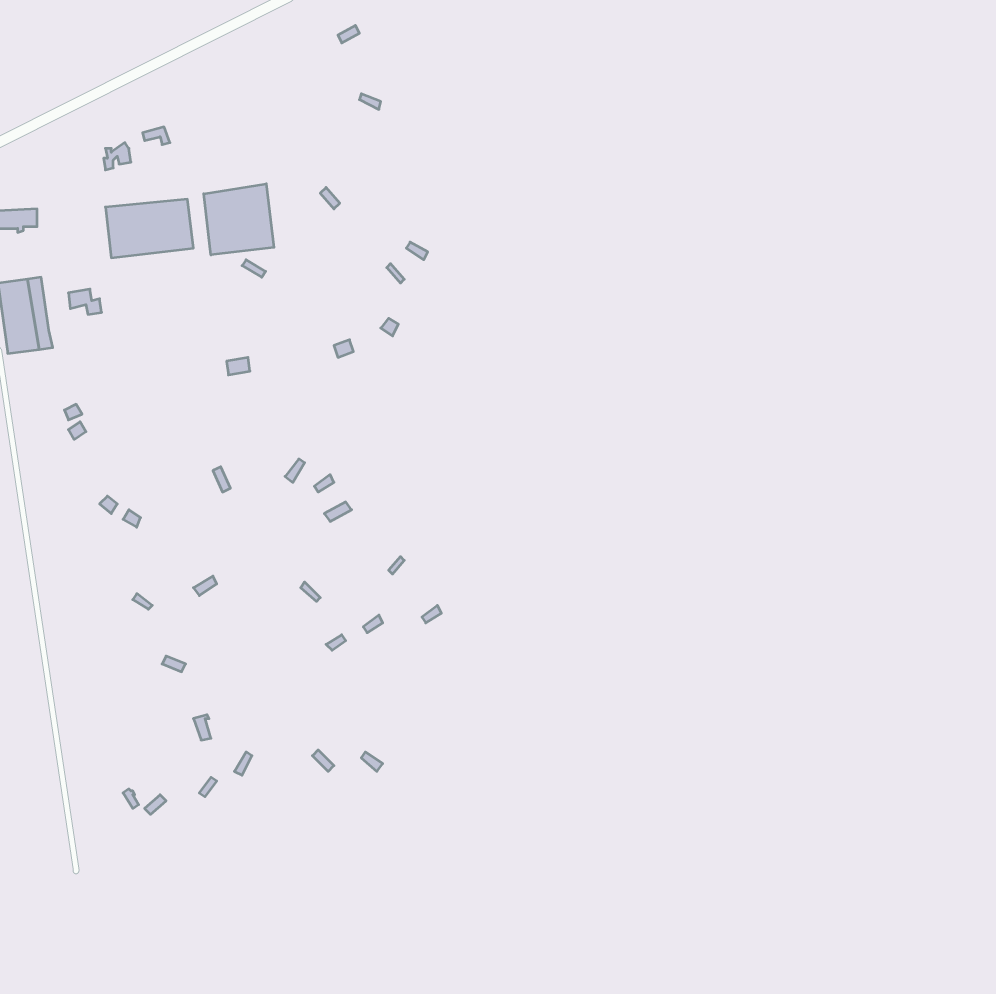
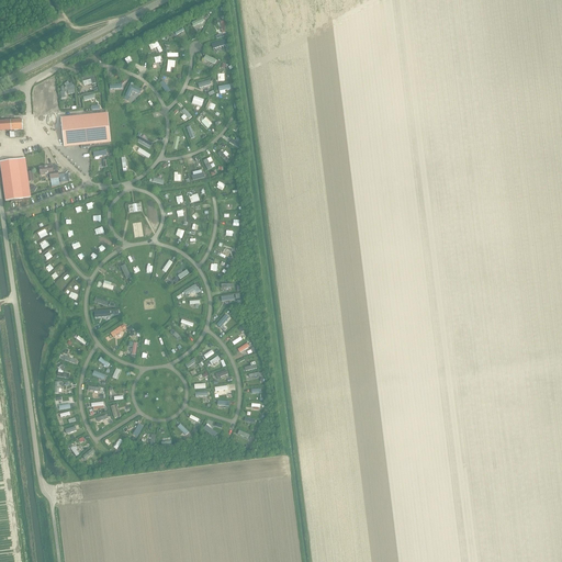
building: [204,184,274,255] -> none

